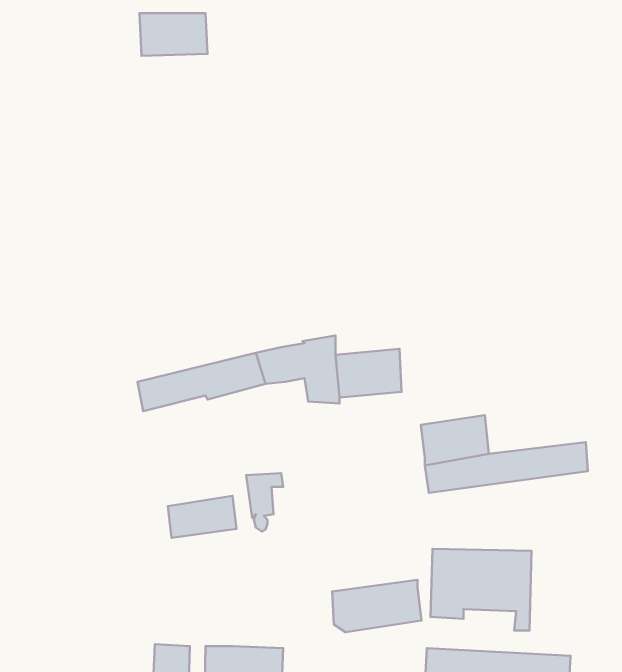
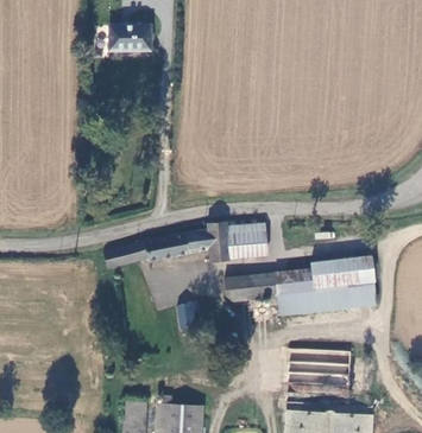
building: none -> [321,253,384,292]
building: [168,496,236,538] -> none
building: [332,580,421,632] -> [231,269,285,301]

